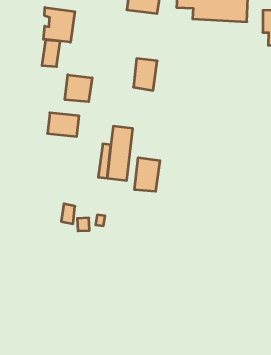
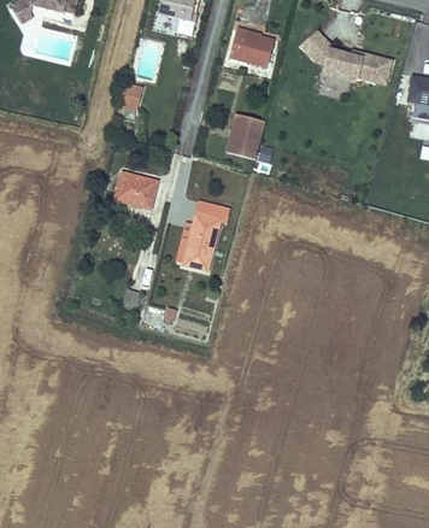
building: [43,7,75,42] -> none
building: [65,75,92,102] -> none
building: [135,158,160,191] -> none

